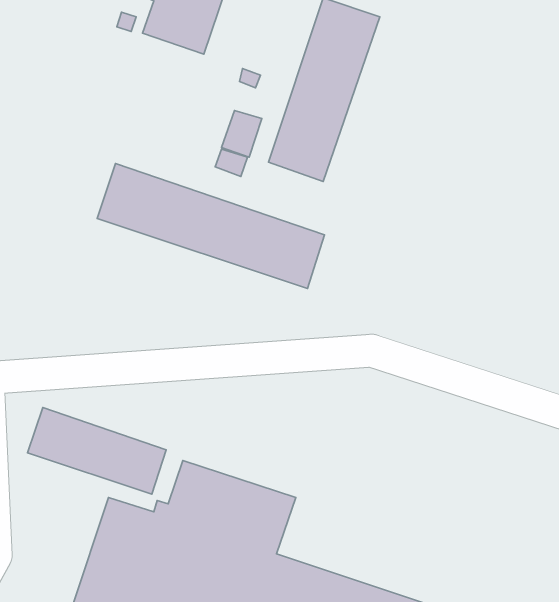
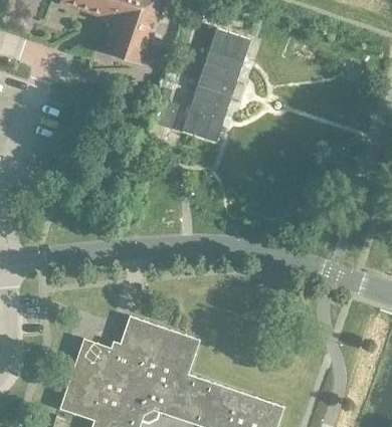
building: [97,164,325,289] -> none
building: [28,408,166,494] -> none

